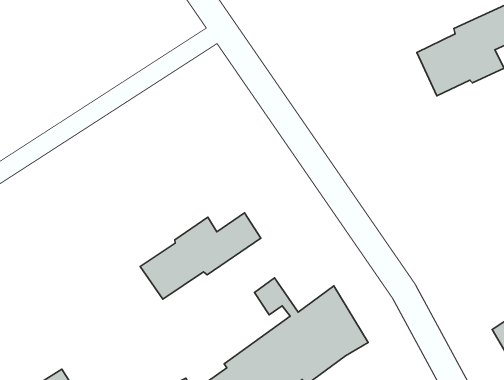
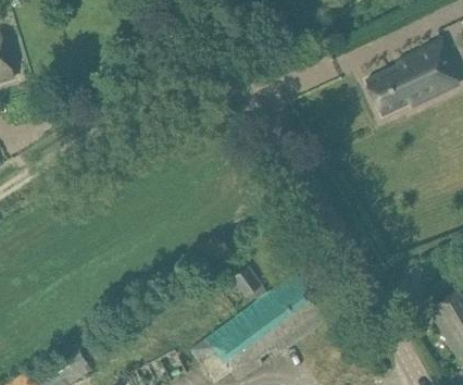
building: [140,213,261,299] -> none

